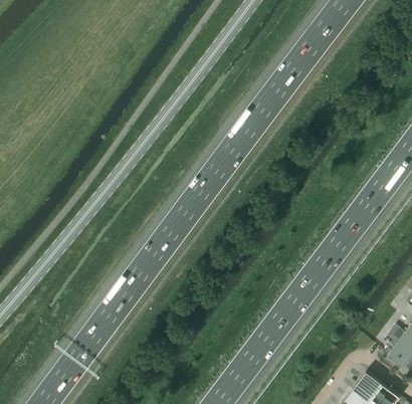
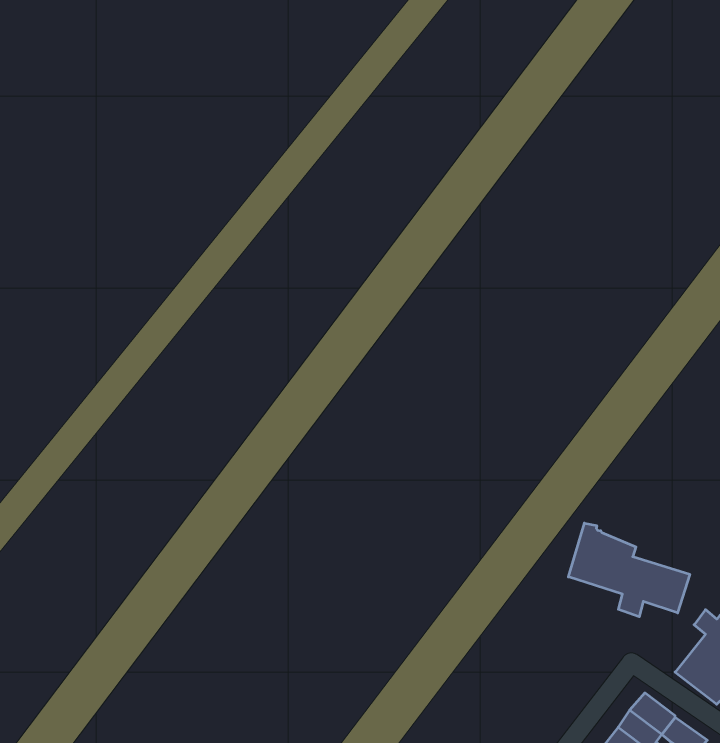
building: none -> [568,523,690,617]

